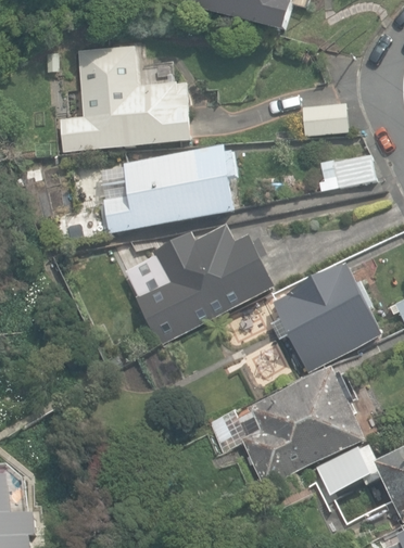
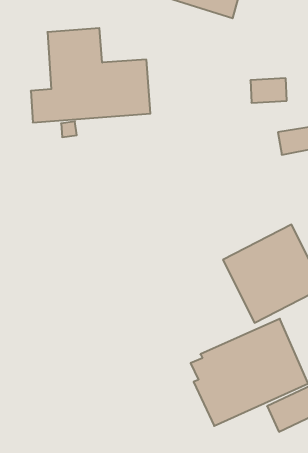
building: [102,145,236,229] -> none
building: [134,225,276,340] -> none

